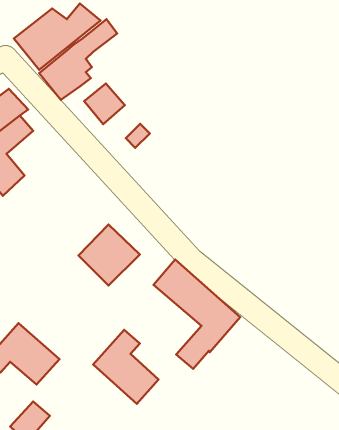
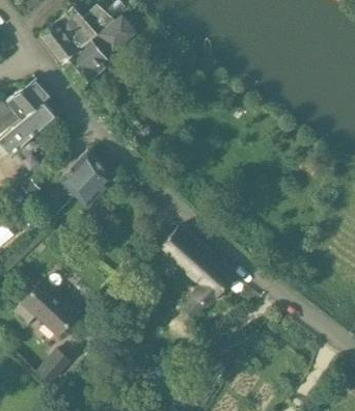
building: [84,83,125,124] -> none
building: [79,224,140,286] -> [61,150,114,203]
building: [93,330,158,404] -> none

